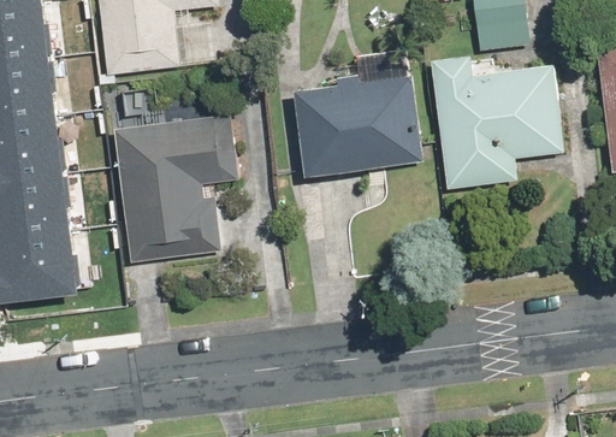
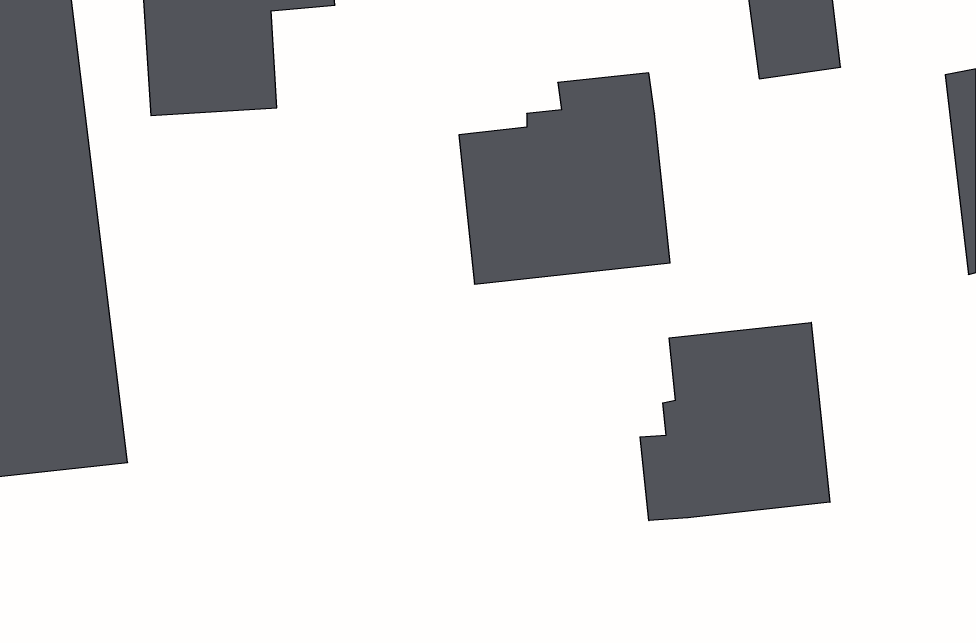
building: [431,54,561,188] -> none
building: [118,119,236,262] -> none
building: none -> [640,322,830,521]

